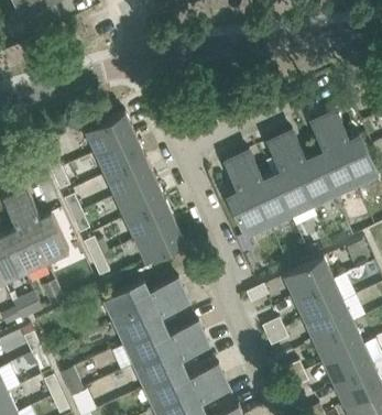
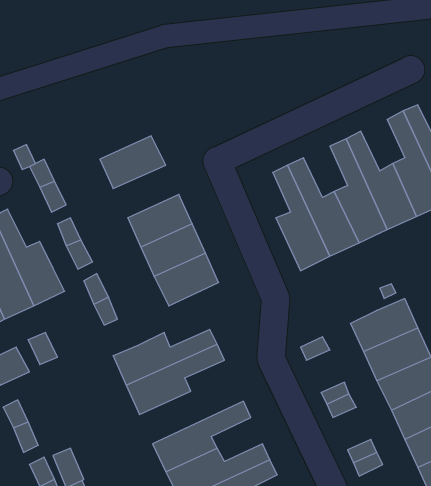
building: [86,113,134,153] -> none
building: [106,157,155,197] -> none
building: [125,324,204,367] -> none

